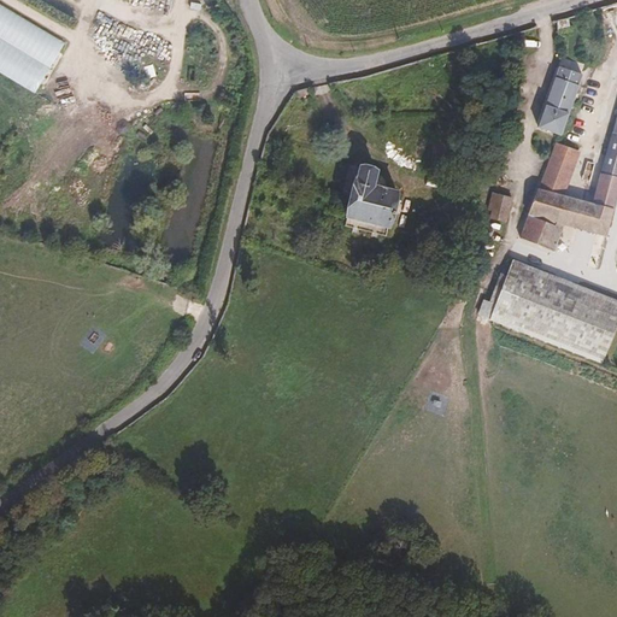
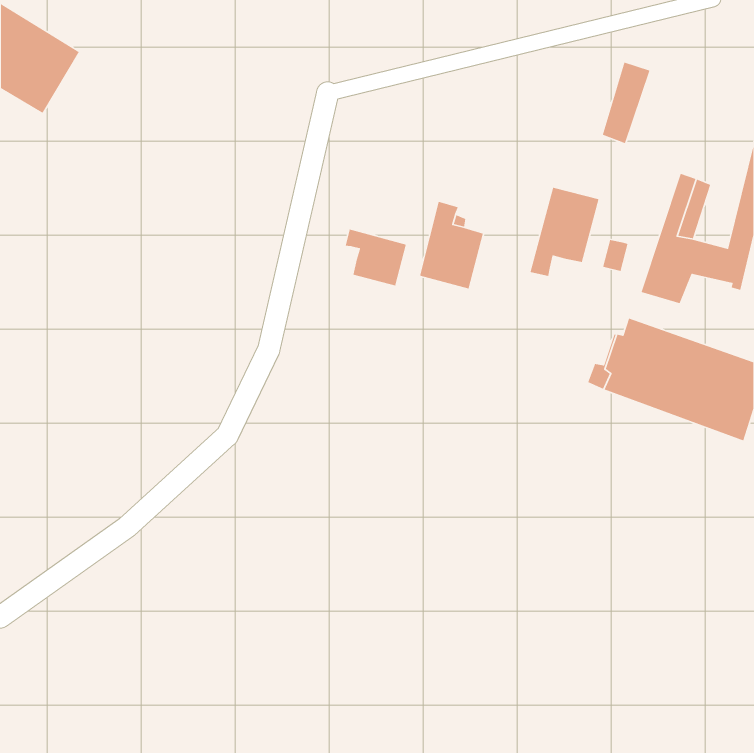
building: [541,61,581,129] -> [602,61,651,144]
building: none -> [529,187,599,277]
building: none -> [345,228,407,287]

